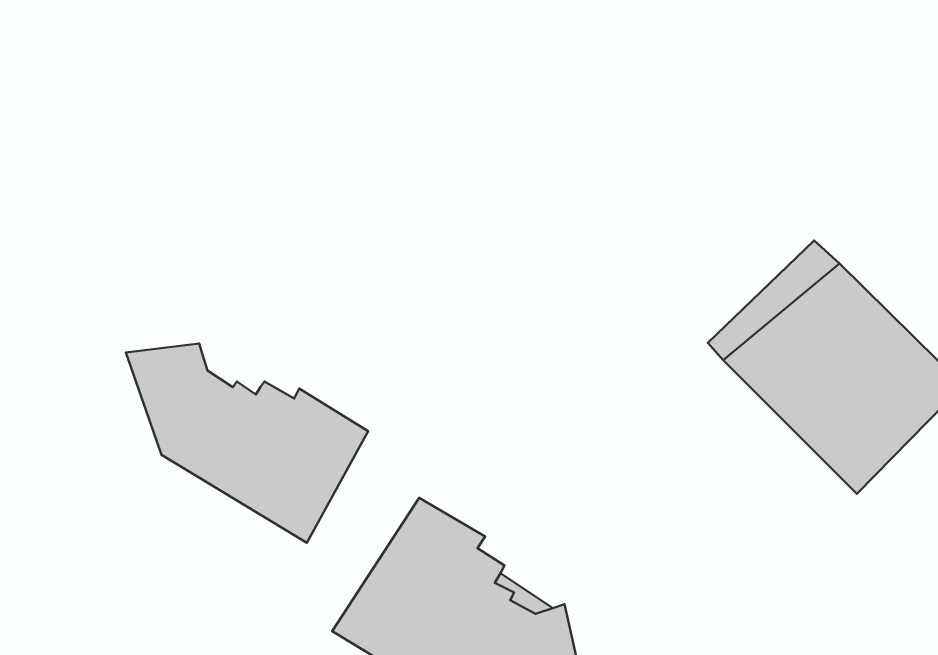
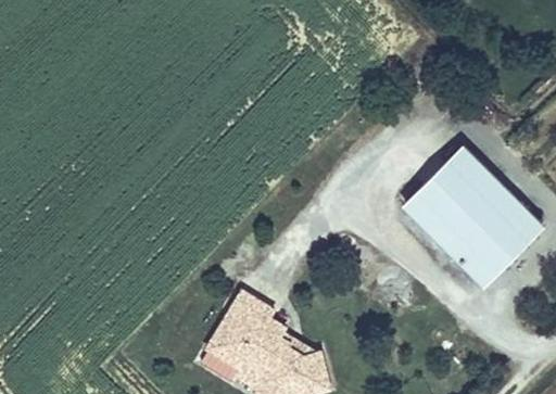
building: [126,344,368,543] -> none

